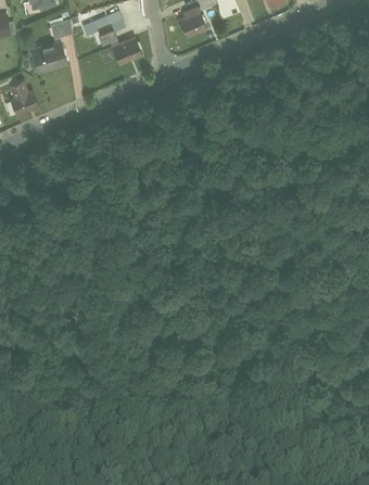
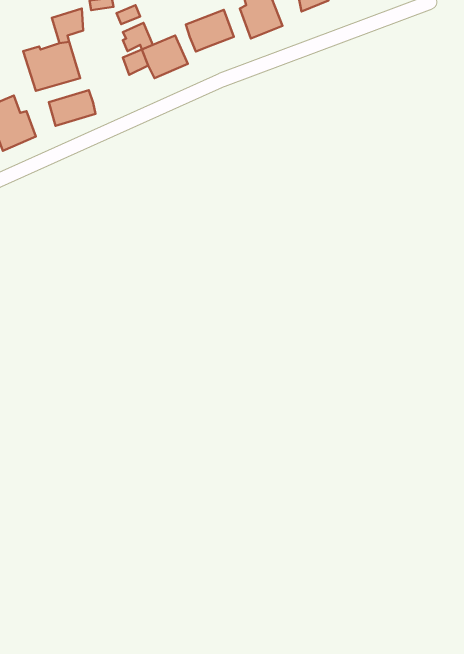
building: none -> [186,10,234,52]
building: none -> [49,90,96,126]

